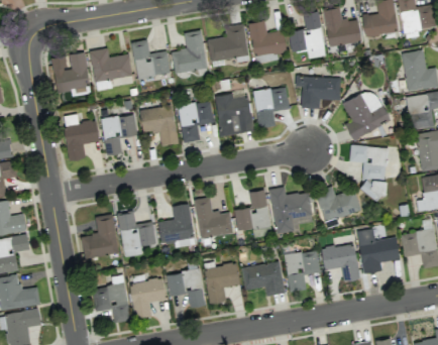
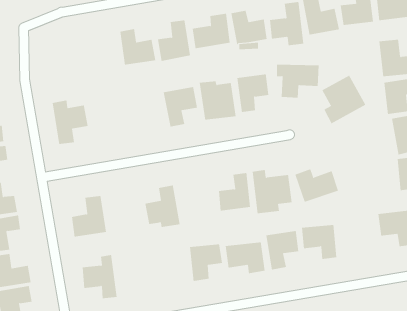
building: [90,47,132,91] -> none
building: [56,51,90,91] -> none
building: [139,105,179,145] -> none
building: [101,114,137,155] -> none
building: [349,144,389,196] -> none
building: [195,197,233,237] -> none
building: [118,211,156,257] -> none
building: [357,229,400,273] -> none
building: [167,269,206,308] -> none
building: [130,279,166,317] -> none

